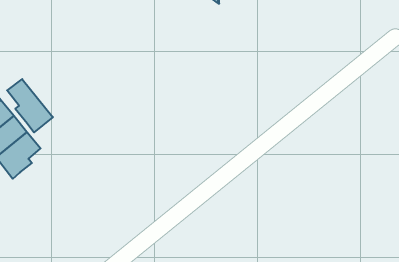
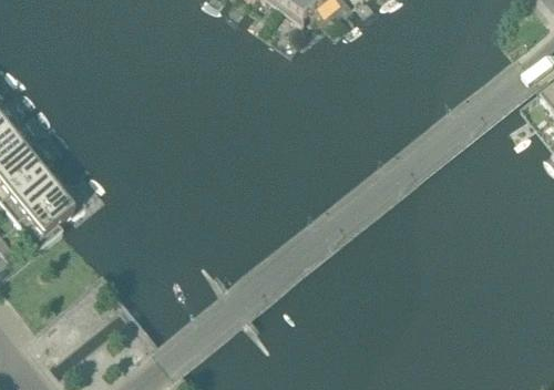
building: [7,79,53,132] -> none

